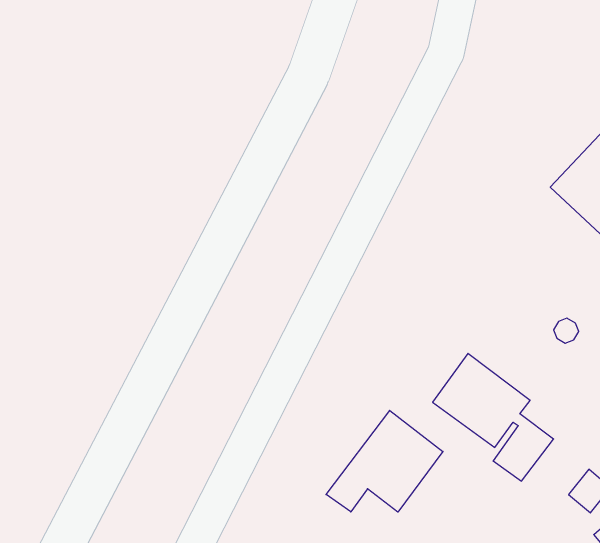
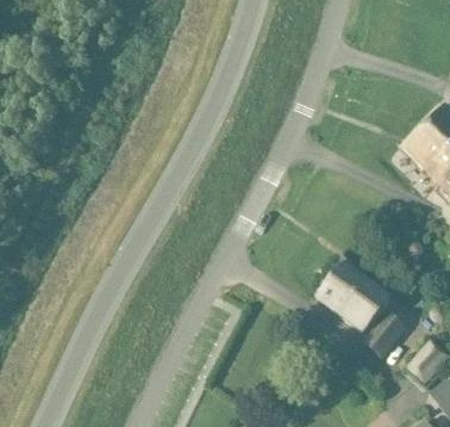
building: [326,410,443,512] -> none

